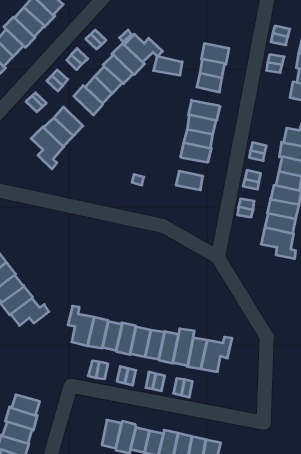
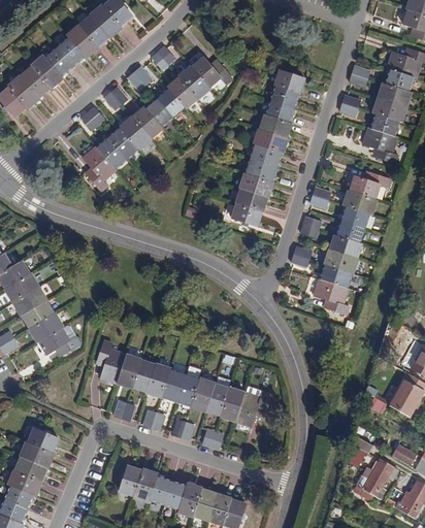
building: [153,57,182,75] -> [258,121,290,143]
building: none -> [119,114,152,150]
building: none -> [234,194,266,217]

